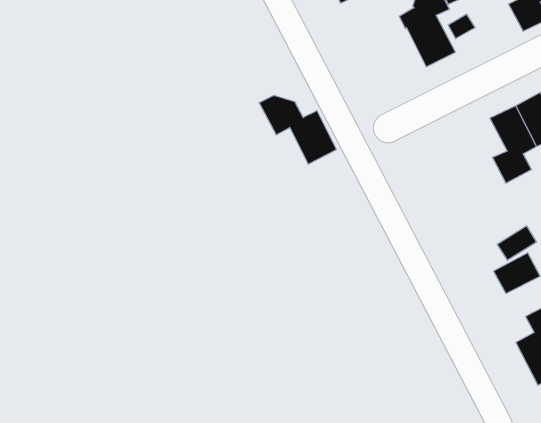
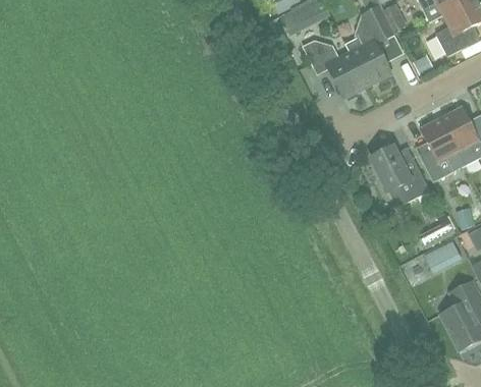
building: [259,96,336,164] -> [303,40,367,97]
building: none -> [371,146,430,201]

